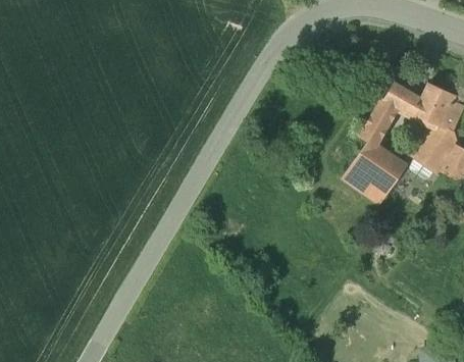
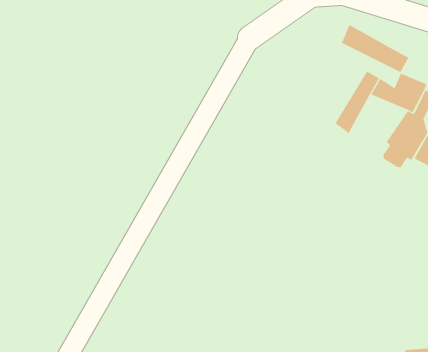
building: none -> [341,24,409,73]
building: [345,139,408,202] -> none

